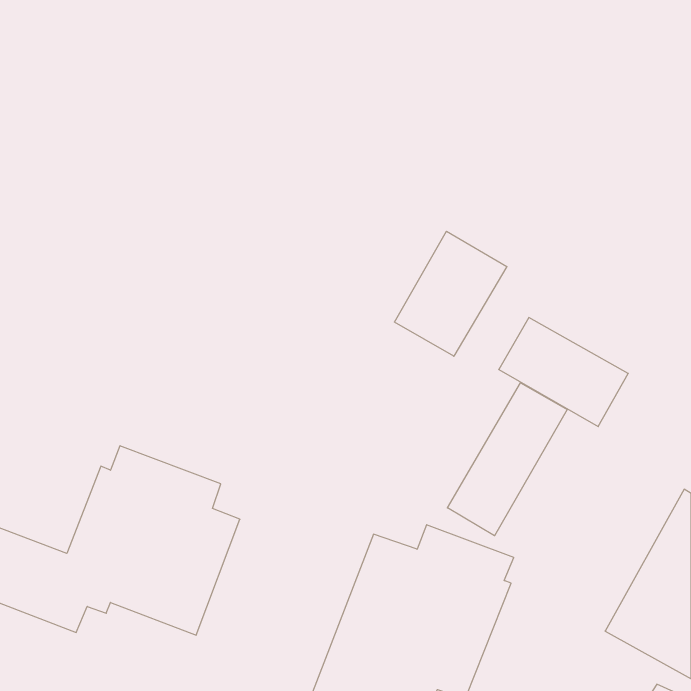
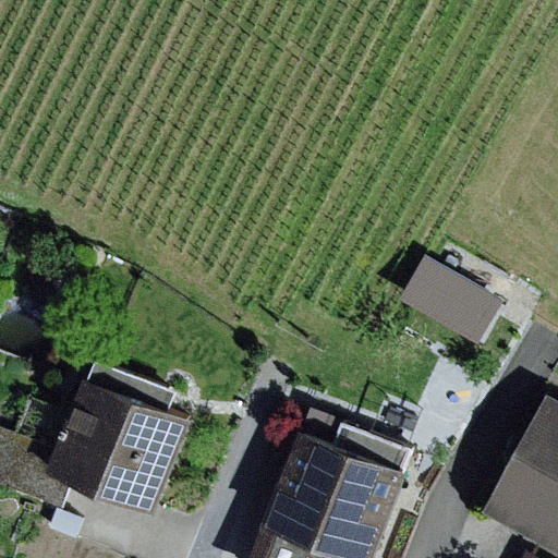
building: [394,231,507,356] -> none
building: [447,383,567,536] -> none

